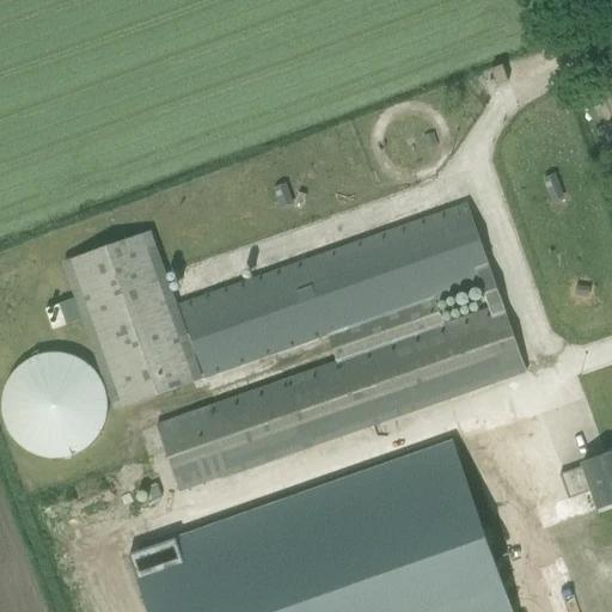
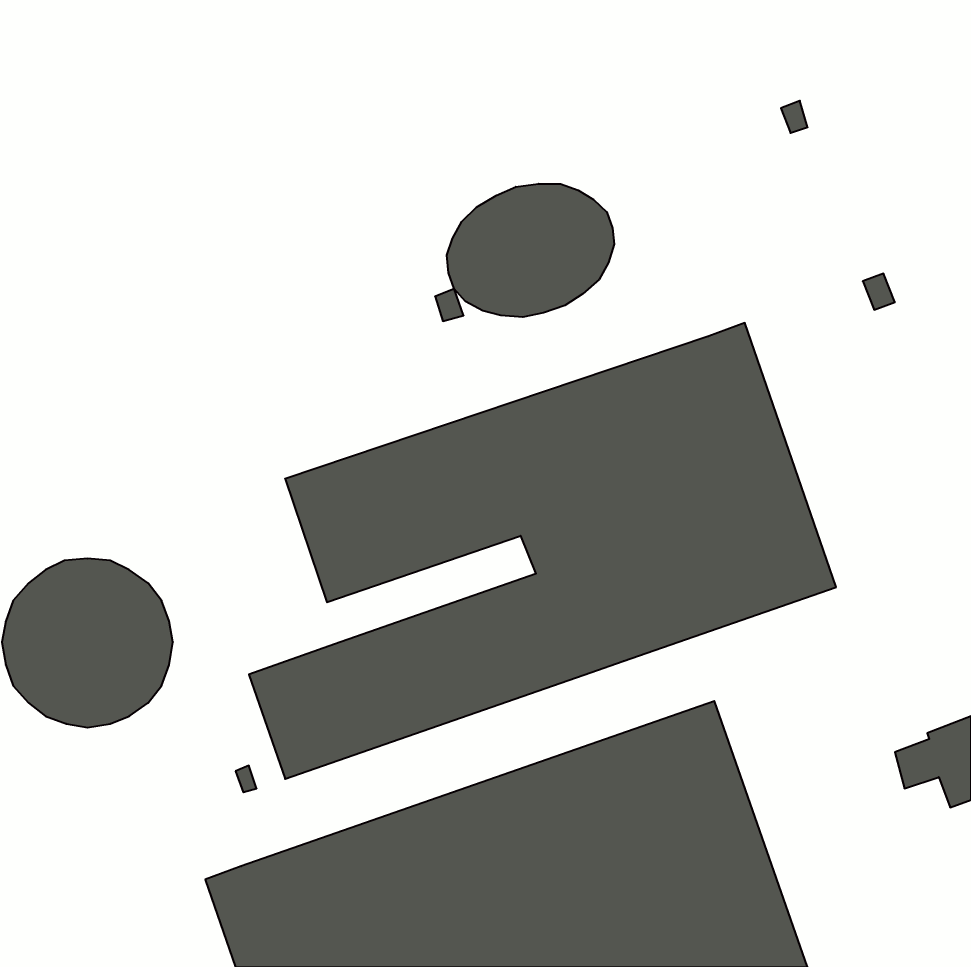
building: none -> [447,184,614,317]
building: [45,231,203,409] -> none

